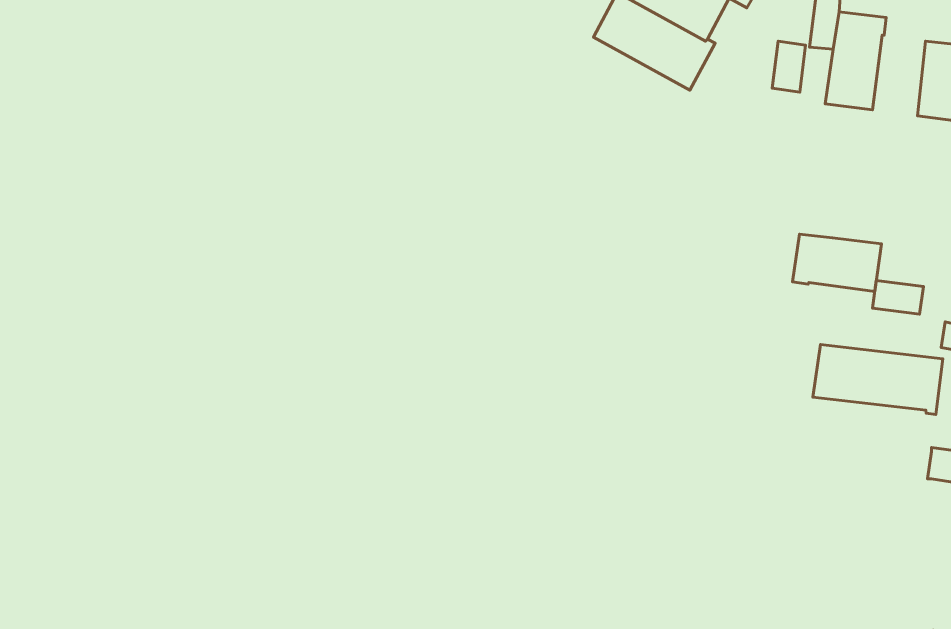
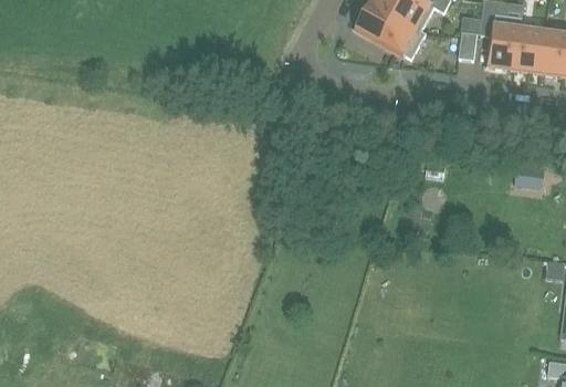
building: none -> [514,29,544,74]
building: [793,234,881,291] -> none
building: [813,344,943,415] -> none

